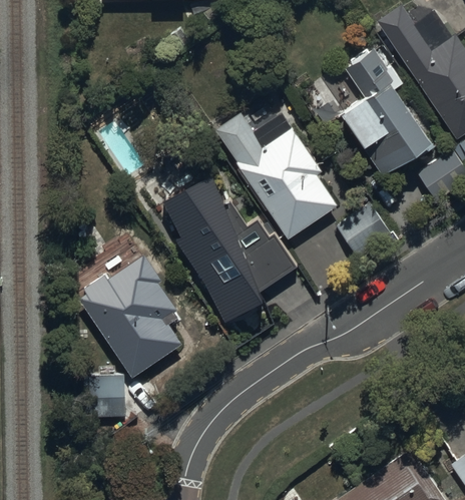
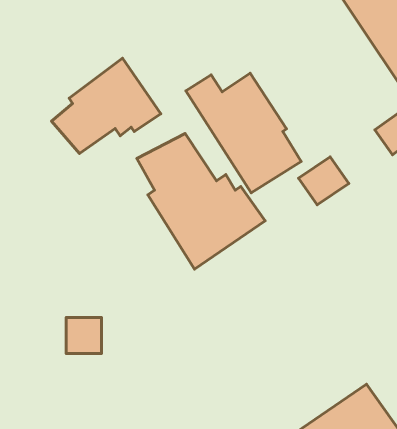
building: [342,41,436,177] -> none
building: none -> [51,58,161,153]
building: [72,245,184,378] -> none

